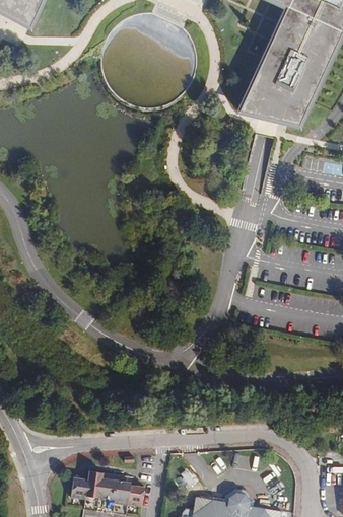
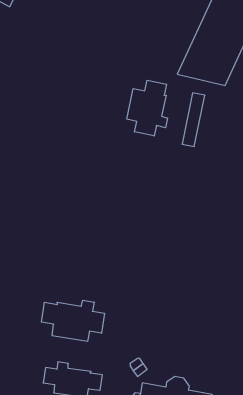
building: none -> [127,80,168,136]
building: none -> [42,300,104,341]

